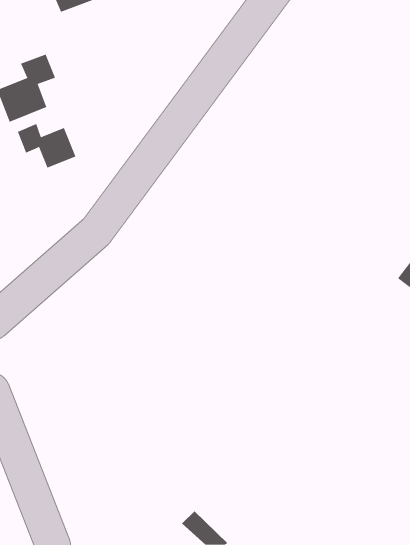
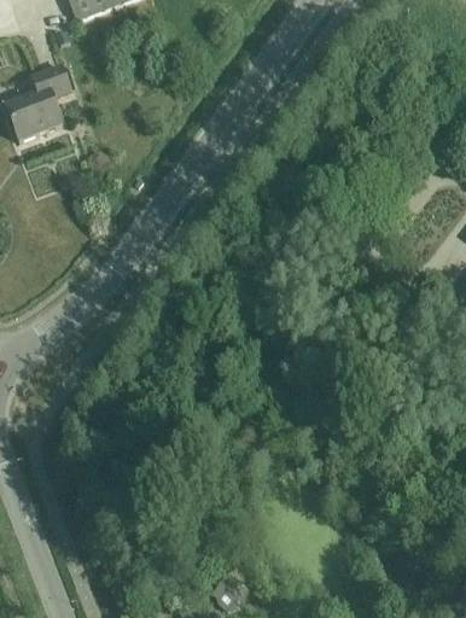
building: [17,123,76,168] -> none

